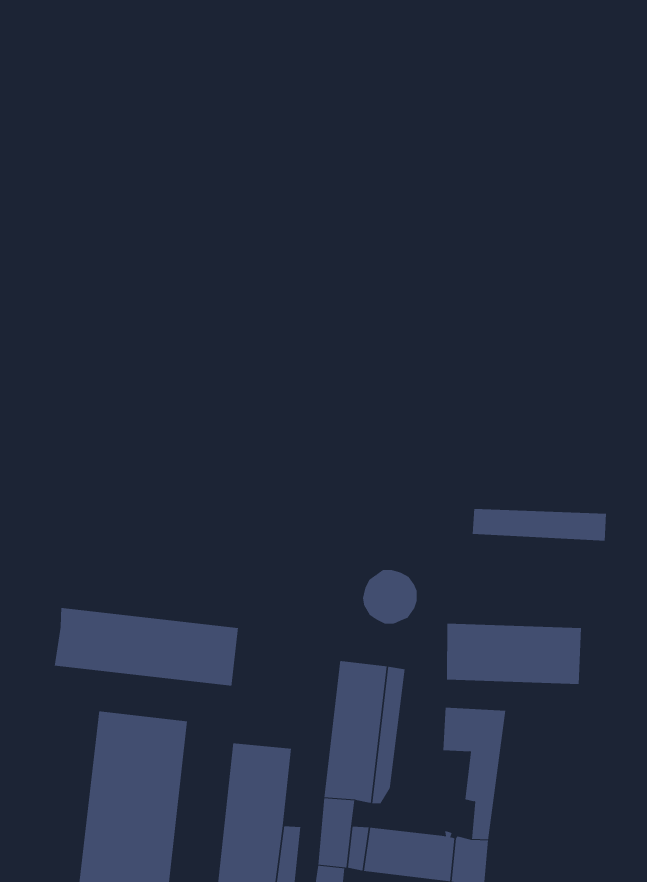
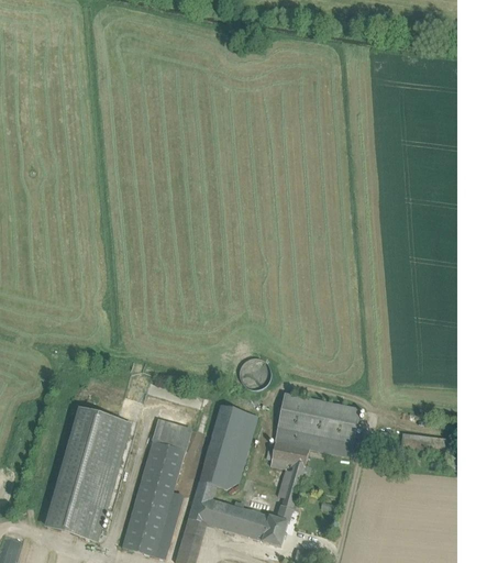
building: [472,509,607,541] -> [275,426,353,456]
building: [54,607,239,687] -> none
building: none -> [152,420,190,450]

